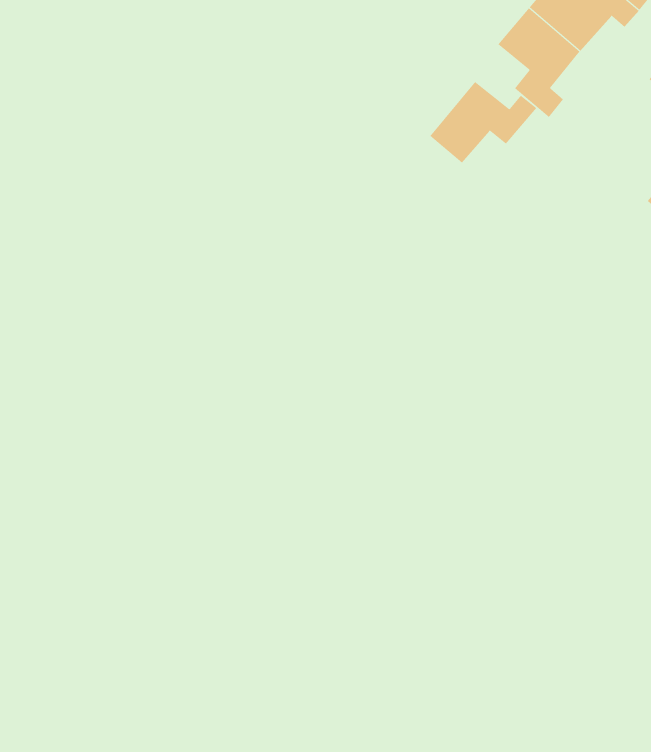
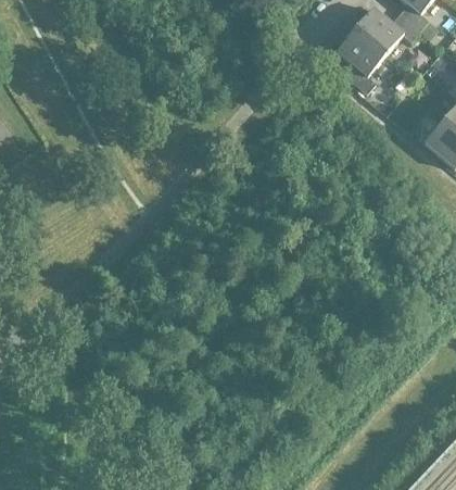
building: [429,81,537,164] -> none

